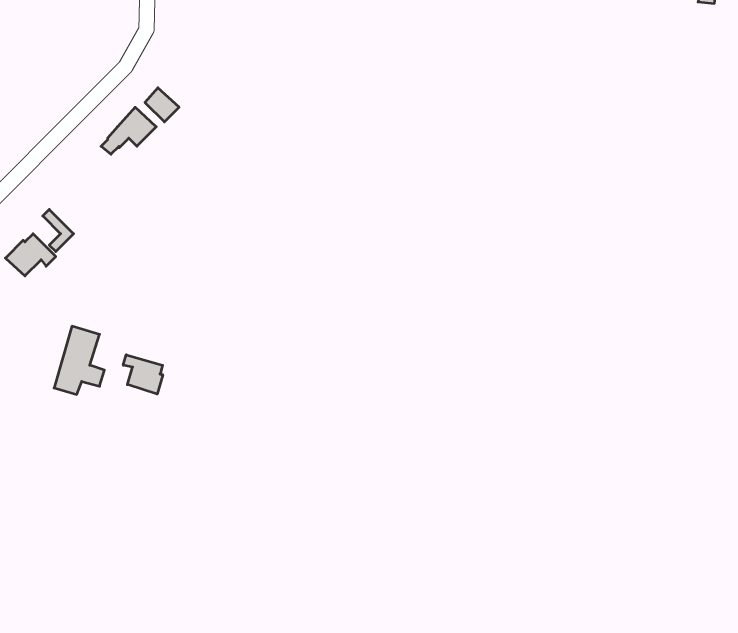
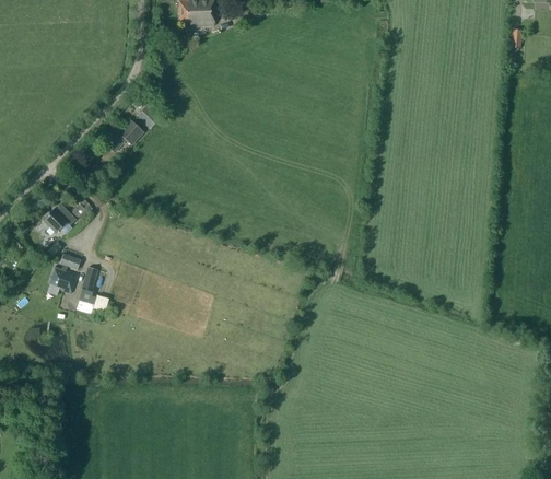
building: none -> [50,253,81,293]
building: [123,355,163,394] -> none

